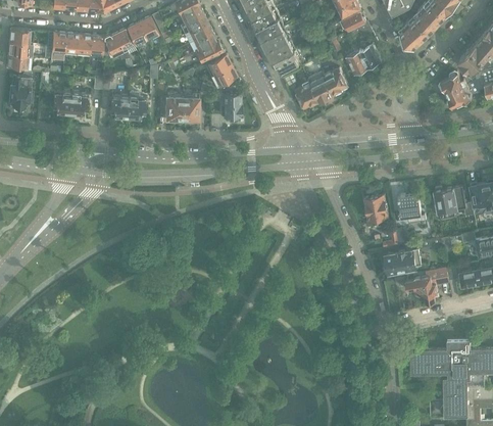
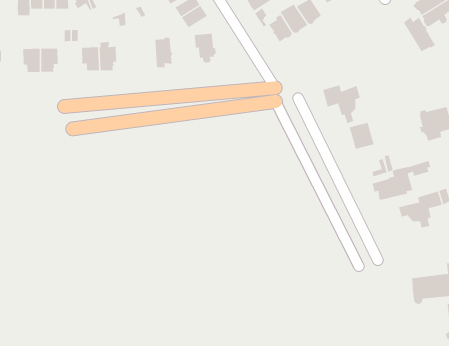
building: [164,93,182,123] -> none
building: none -> [403,16,436,52]
building: none -> [323,85,361,124]
building: [396,194,425,224] -> none

